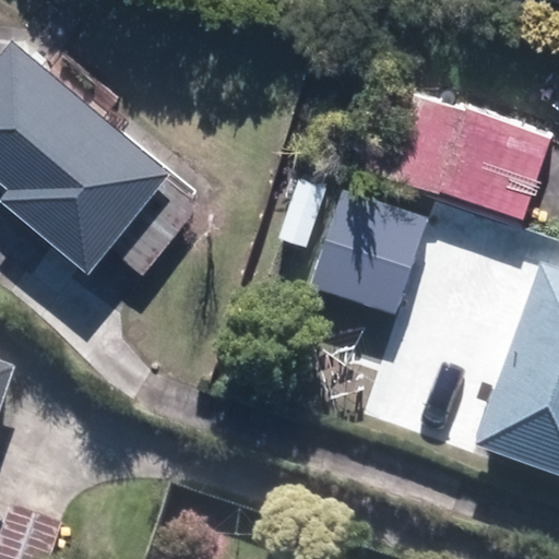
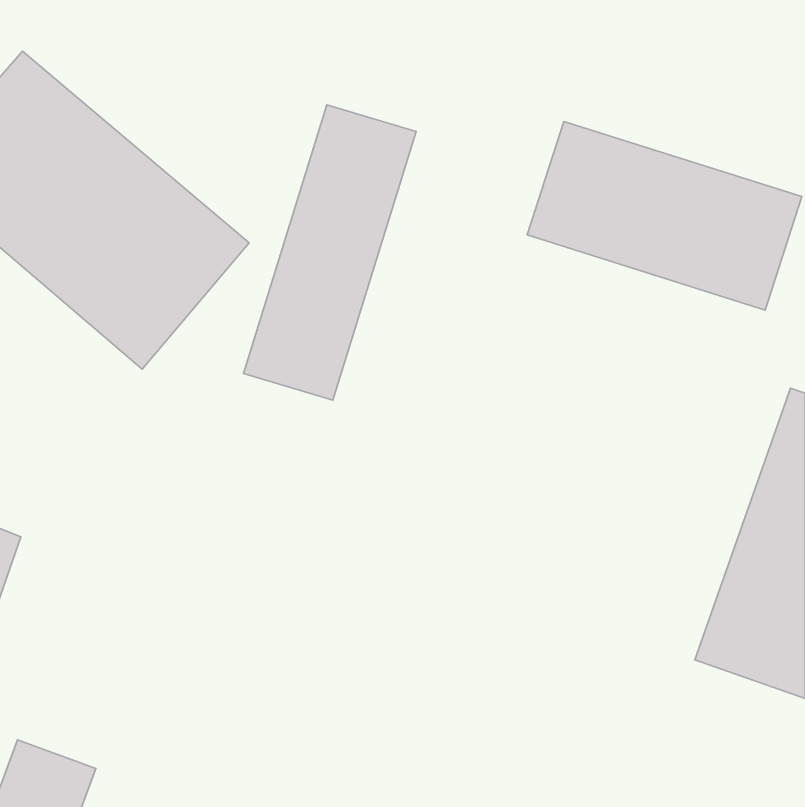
building: none -> [244,105,416,400]
building: [313,191,426,312] -> none

